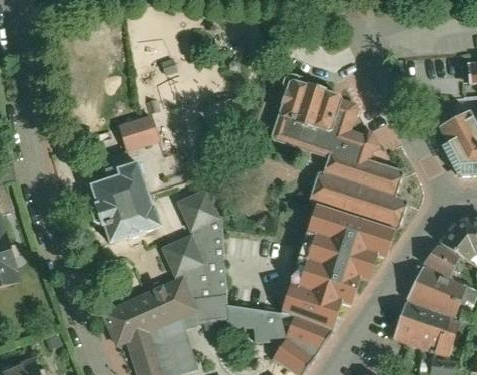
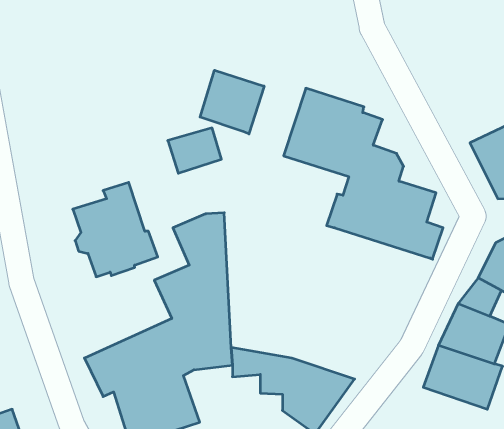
building: none -> [200,70,264,134]
building: [109,114,155,153] -> [168,128,221,173]
building: [280,201,399,331] -> none

